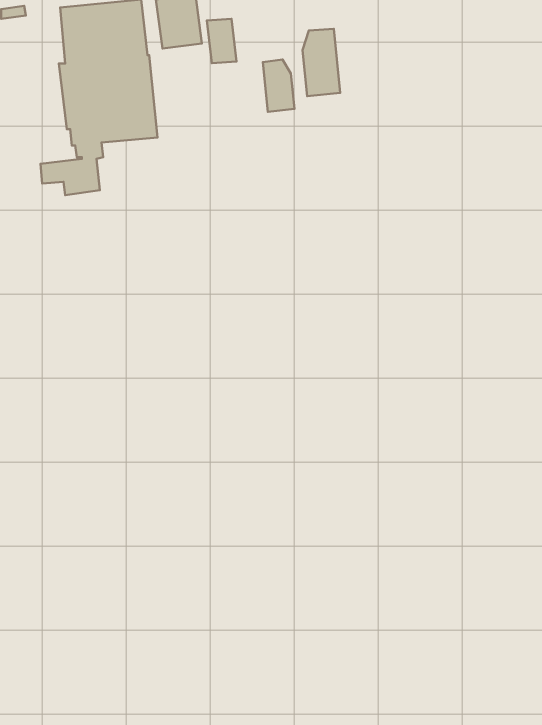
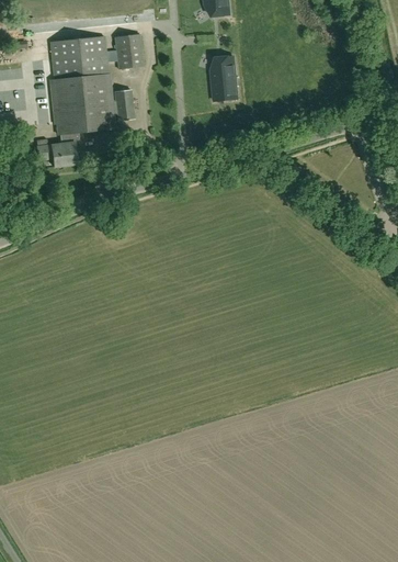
building: [207,19,237,63] -> [114,89,134,119]
building: [263,60,294,112] -> none

